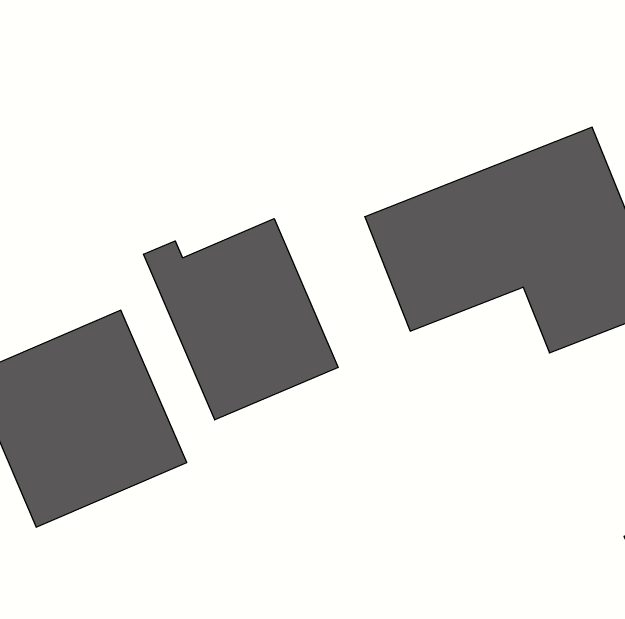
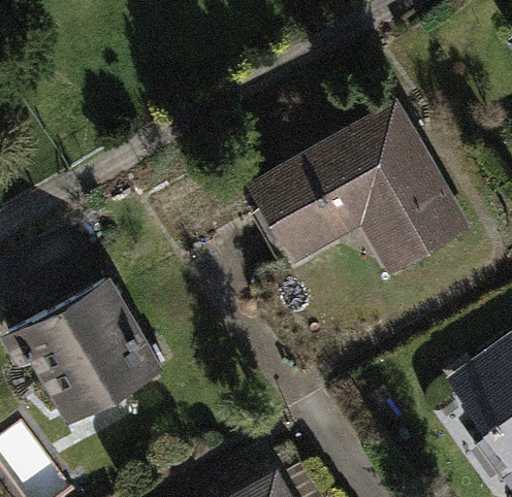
building: [144,219,338,420] -> none

